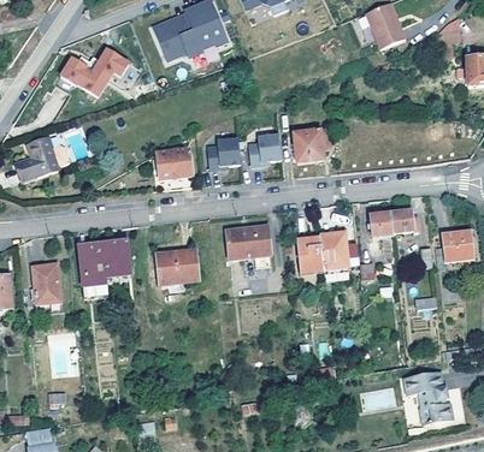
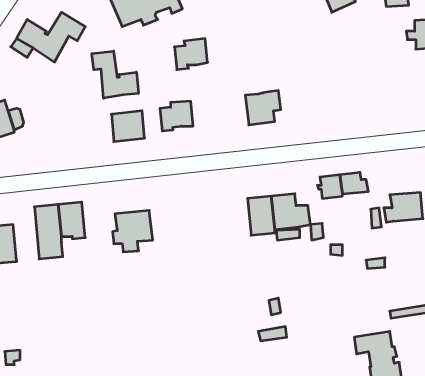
building: none -> [92,51,138,98]
building: [247,135,281,166] -> [174,39,208,70]
building: [225,225,271,258] -> none

